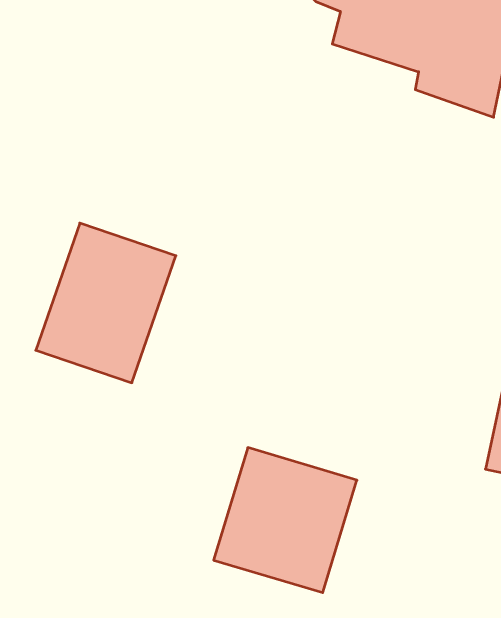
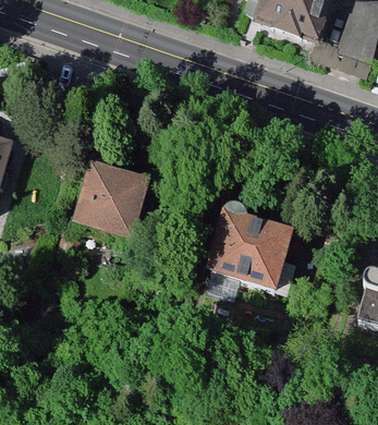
building: [214,448,357,593] -> [200,197,296,294]

